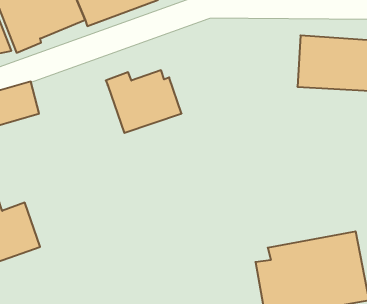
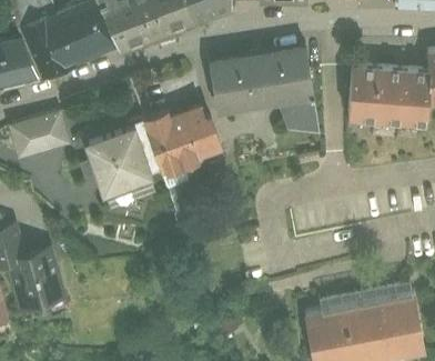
building: none -> [209,42,318,133]
building: none -> [81,119,161,205]

